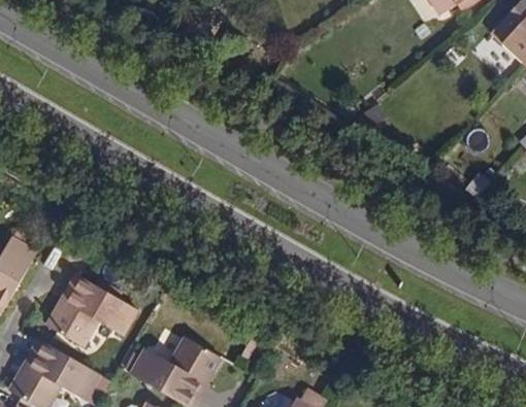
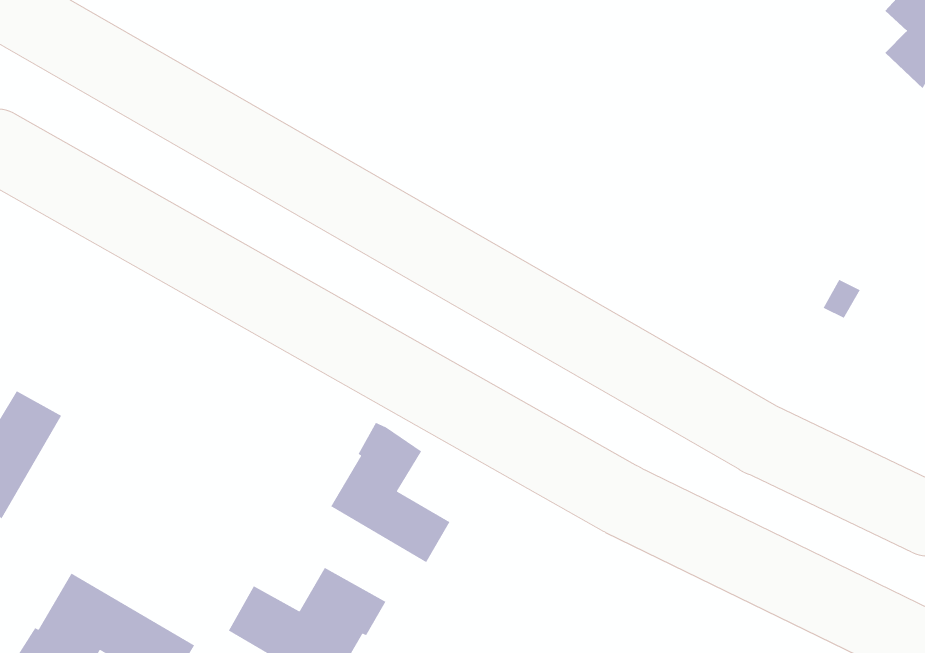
building: none -> [330,422,450,563]
building: [46,276,137,346] -> none

